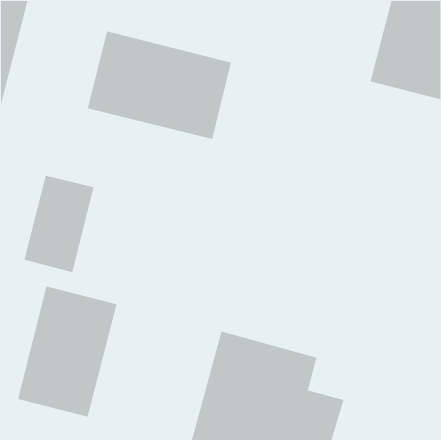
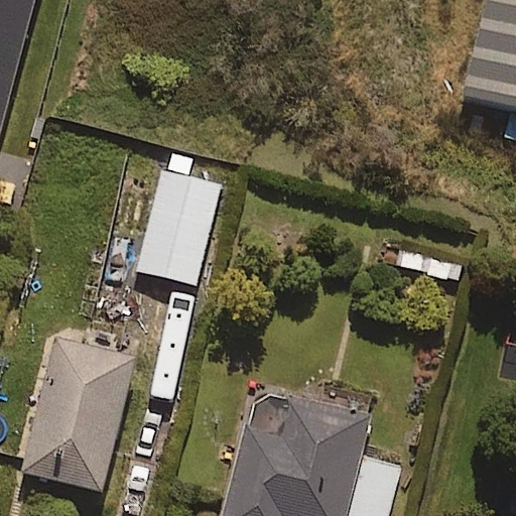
building: [87,31,232,140] -> none
building: [24,175,94,273] -> [139,170,222,285]

